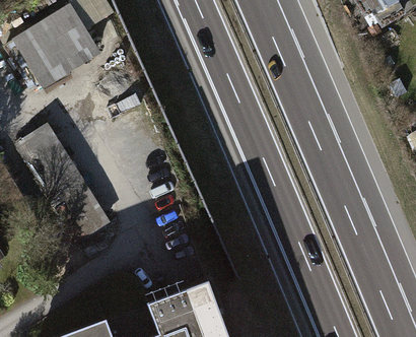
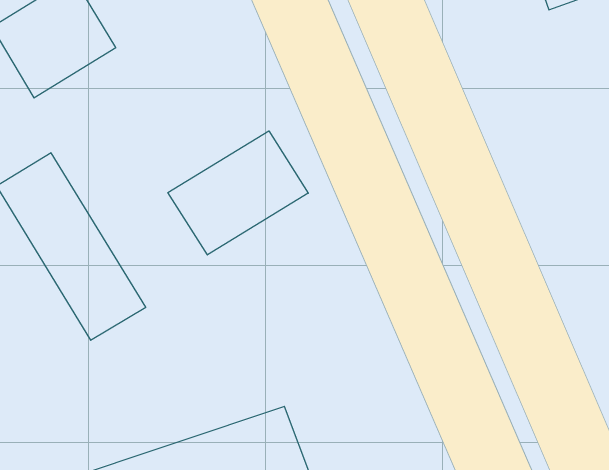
building: none -> [168,131,308,255]

